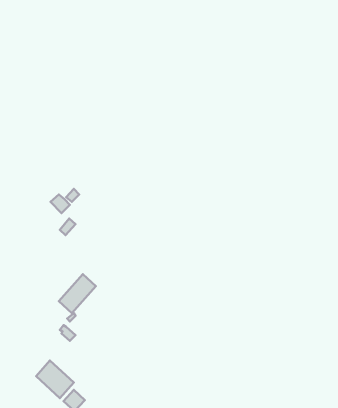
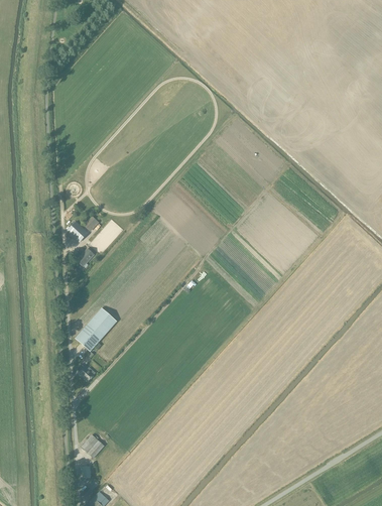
building: [36,361,74,398] -> none

